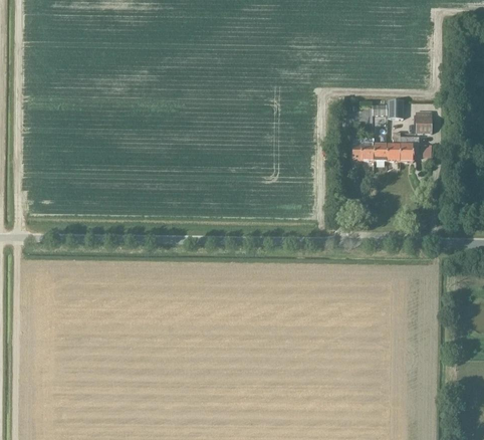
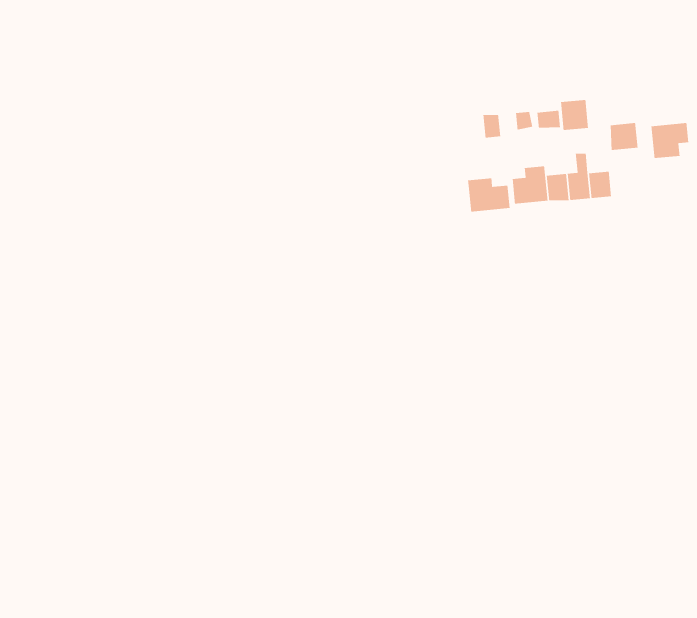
building: none -> [651,122,689,159]
building: none -> [467,177,510,212]

